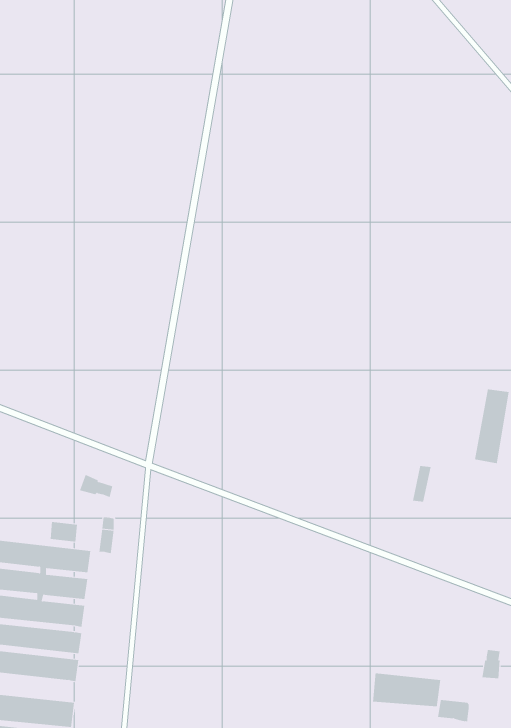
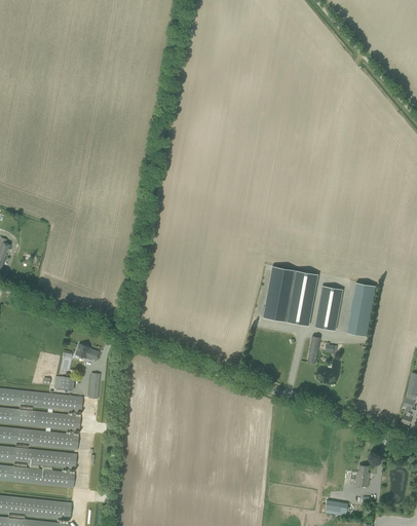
building: none -> [263,266,317,326]
building: none -> [314,286,342,331]
building: [372,672,441,707] -> none

